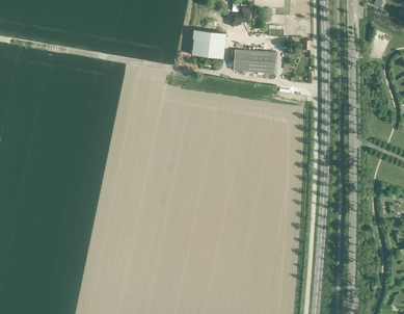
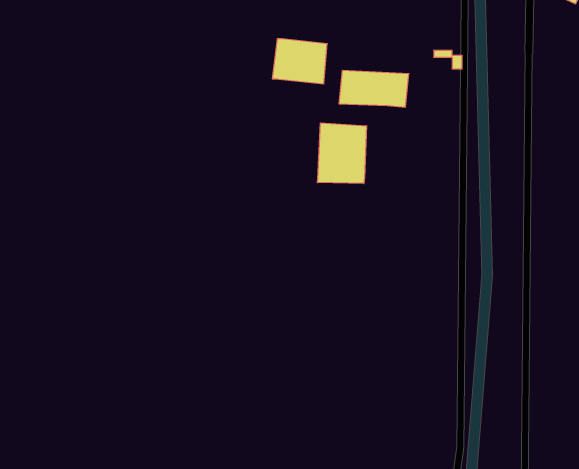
building: none -> [317,123,366,184]

